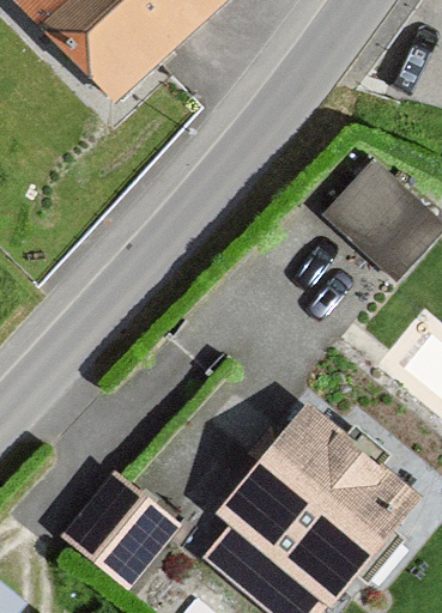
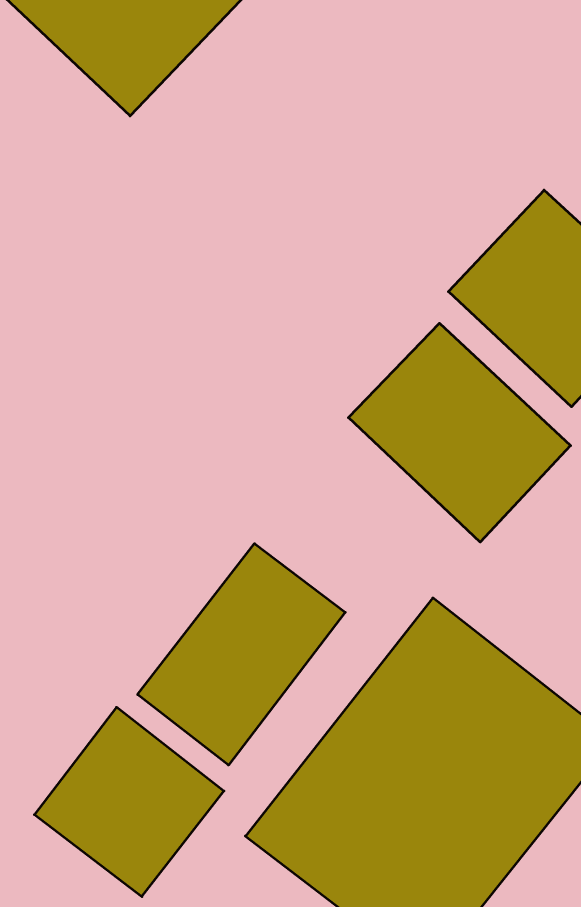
building: none -> [348,323,571,542]
building: none -> [138,544,345,765]

